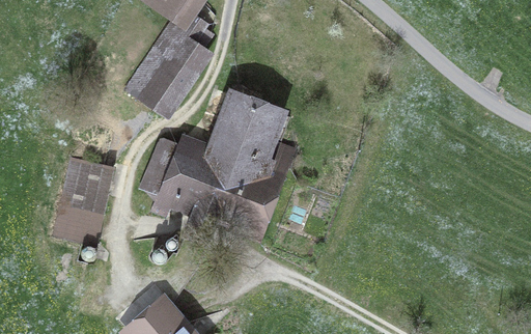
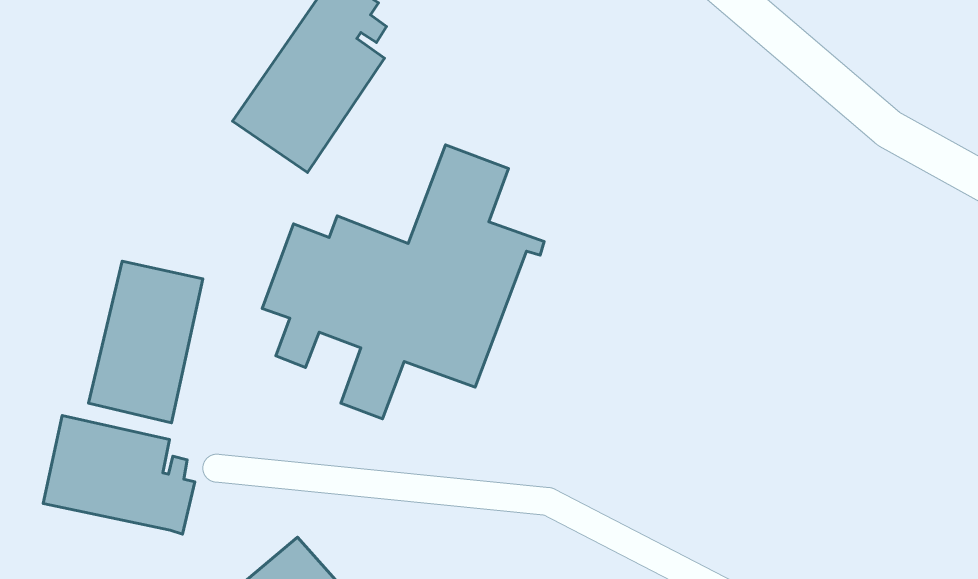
building: none -> [43,415,195,534]

